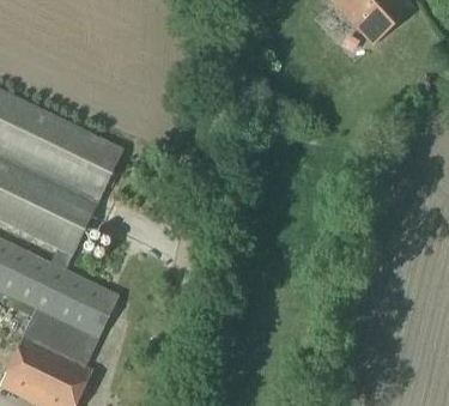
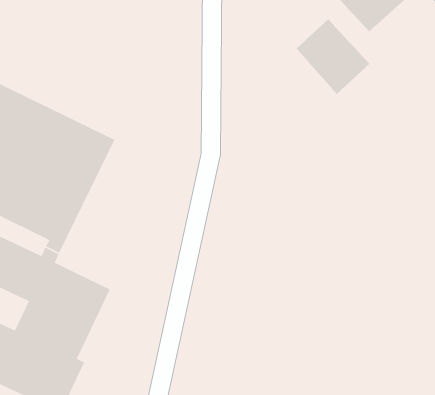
building: none -> [296,18,370,95]

